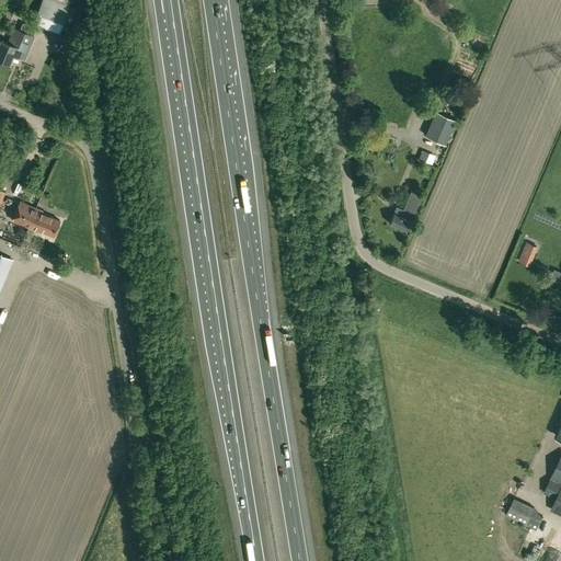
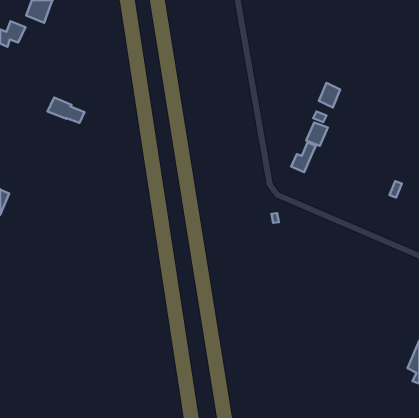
building: none -> [306,122,328,146]
building: [11,202,60,236] -> [48,98,85,123]
building: [506,499,545,530] -> none

